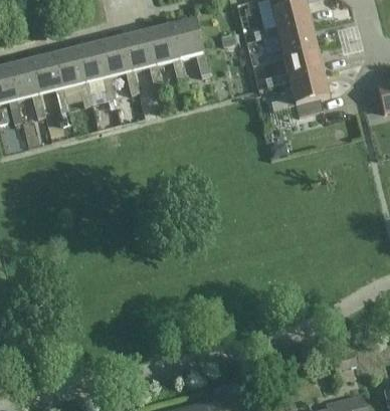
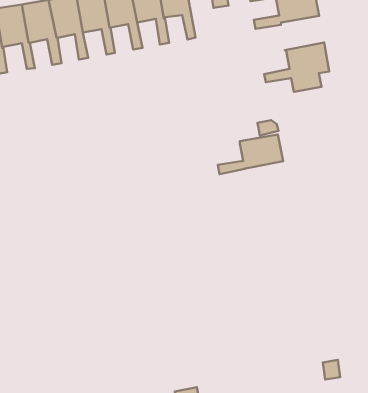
building: [265,48,323,86] -> [218,135,283,174]

